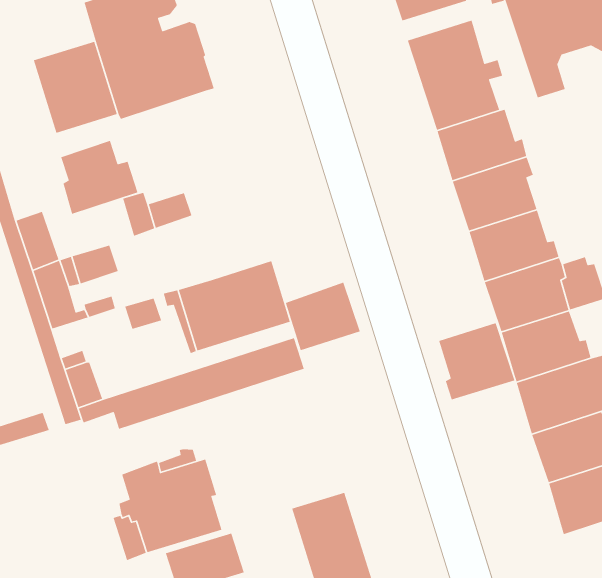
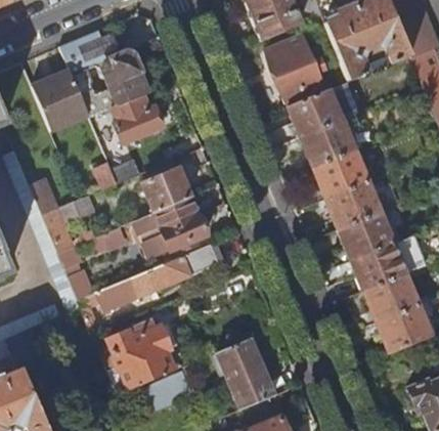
building: [60,140,139,215] -> [112,94,163,143]
building: [285,282,361,351] -> [143,166,192,212]
building: [438,322,515,400] -> none

